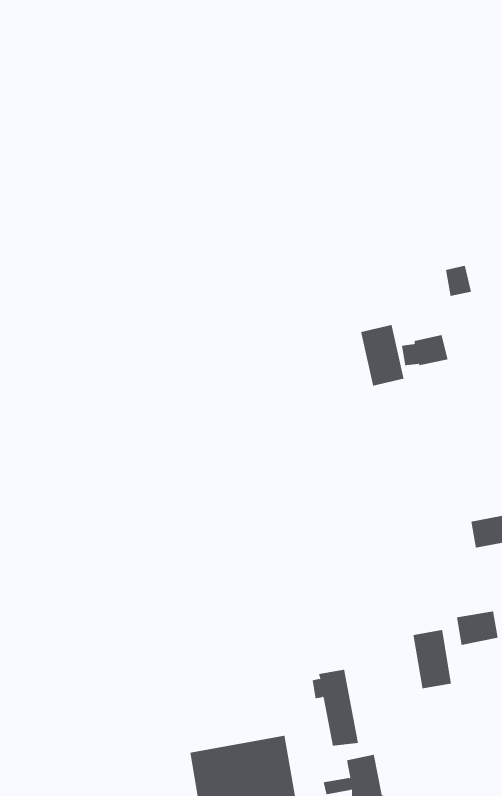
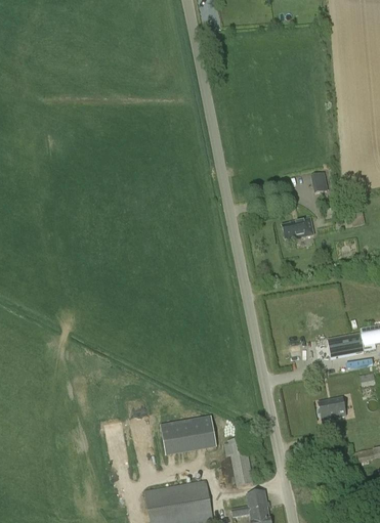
building: [360,324,404,387] -> none
building: [413,629,452,689] -> none
building: none -> [161,417,216,455]

